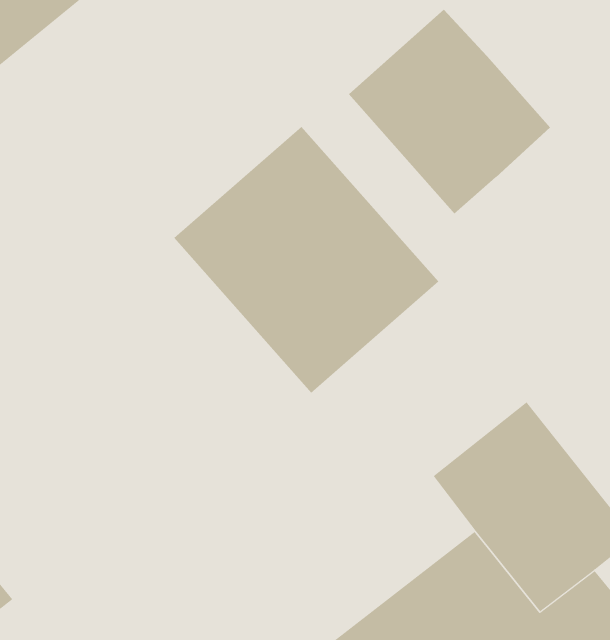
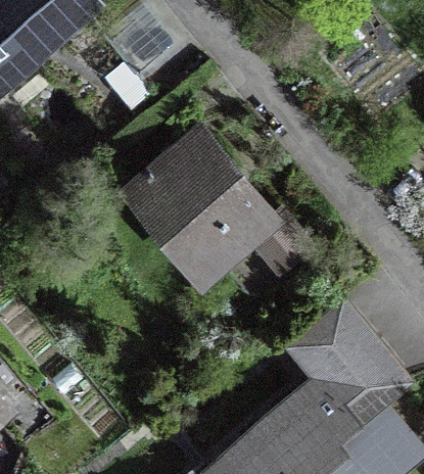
building: [348,9,551,215] -> none

